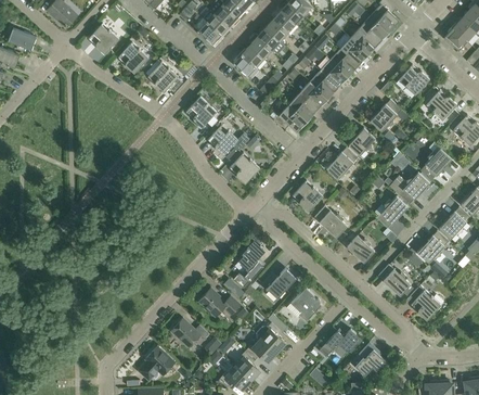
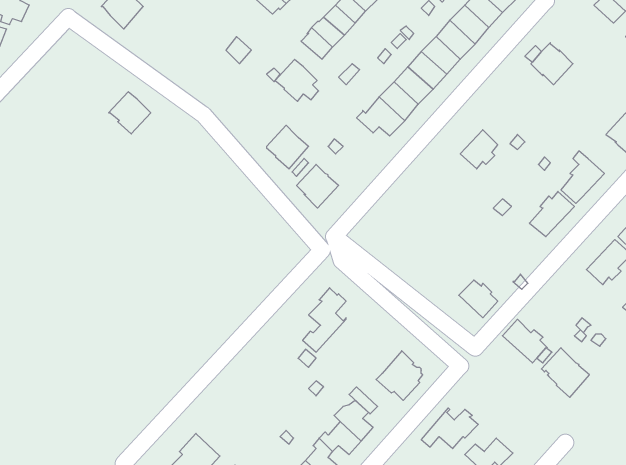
building: [117,42,147,73] -> [109,92,151,134]
building: [147,61,182,92] -> none
building: [425,89,456,119] -> none
building: [185,97,217,127] -> [275,59,319,101]
building: [370,99,401,131] -> none
building: [325,146,357,179] -> none
building: [292,180,322,211] -> none
building: [375,195,406,228] -> none
building: [313,205,346,237] -> none
building: [416,230,448,263] -> none
building: [260,268,295,298] -> none
building: [198,288,240,316] -> none
building: [170,318,208,347] -> none

